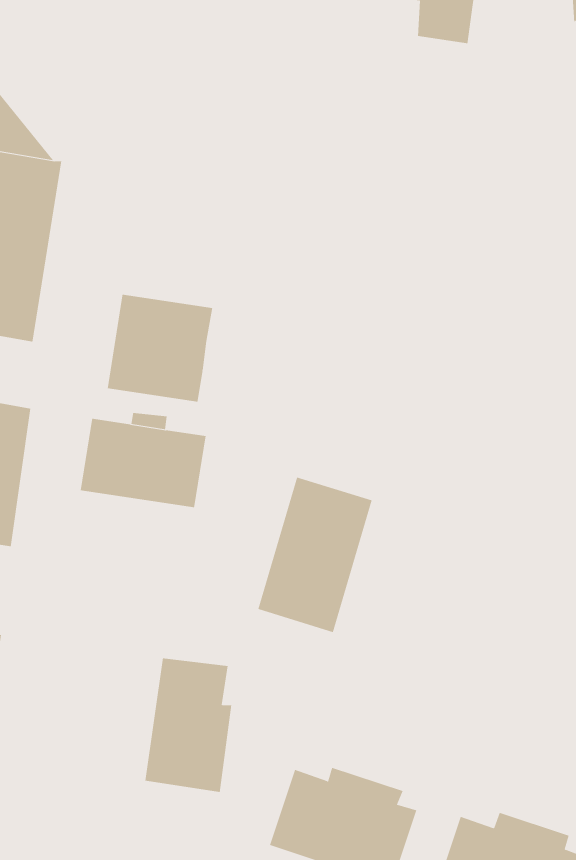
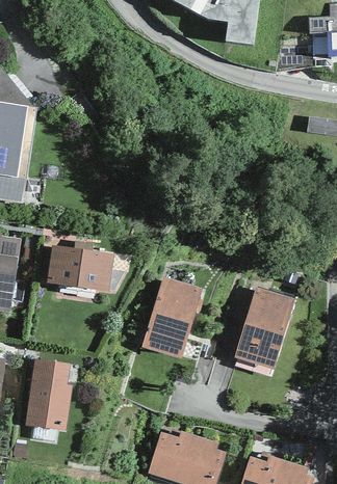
building: [107,294,213,402] -> none
building: none -> [234,287,294,369]
building: [145,658,232,792] -> [24,359,71,431]

